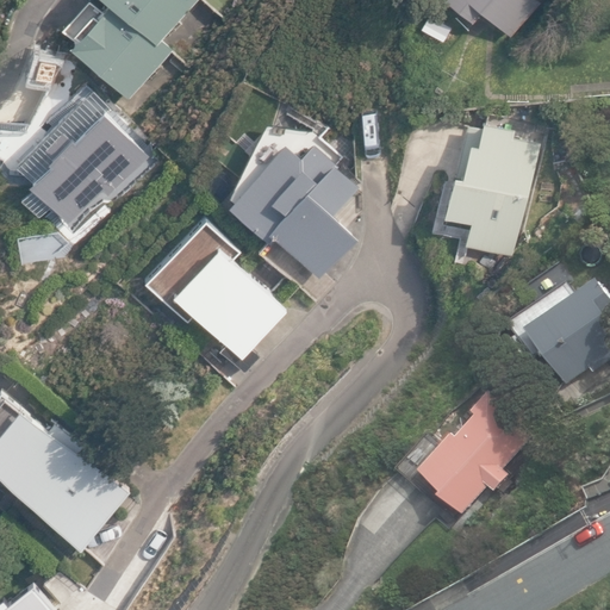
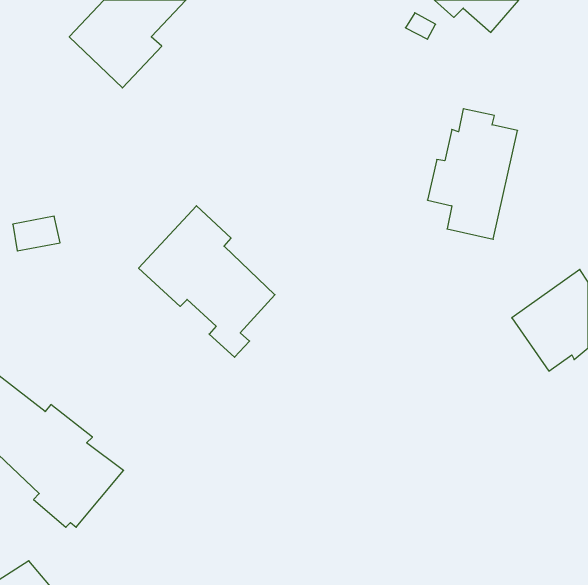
building: [15,92,144,214] -> none
building: [229,147,359,280] -> none
building: [399,396,535,527] -> none

